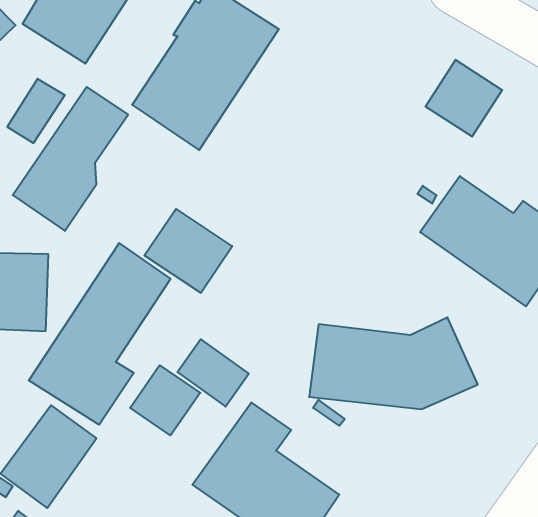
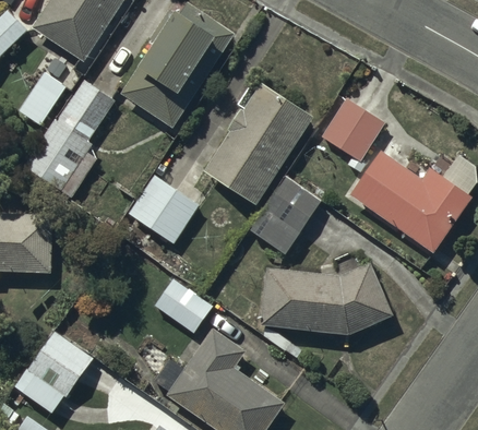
building: [425,60,502,137] -> [322,99,383,160]
building: none -> [204,84,312,204]
building: none -> [250,177,320,253]
building: [29,243,170,425] -> none
building: [130,365,200,435] -> none

